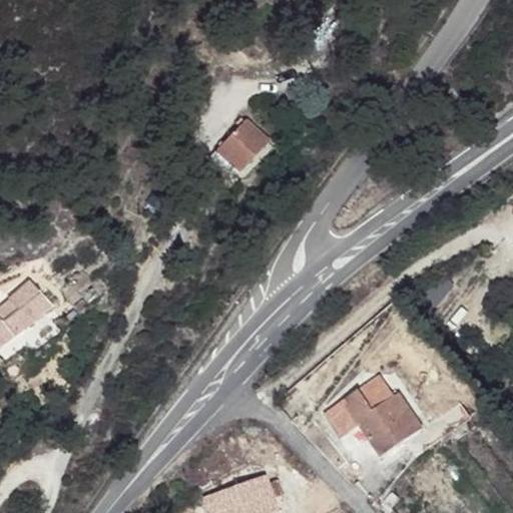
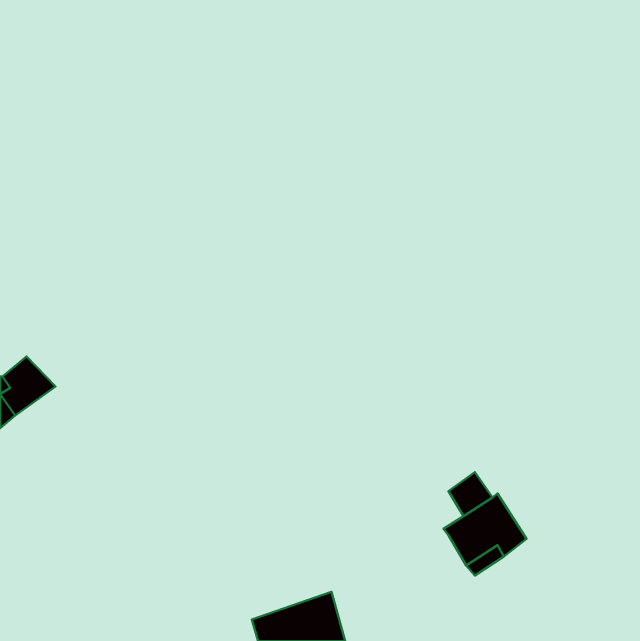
building: [215,130,267,179] -> none
building: [323,388,372,438] -> none

